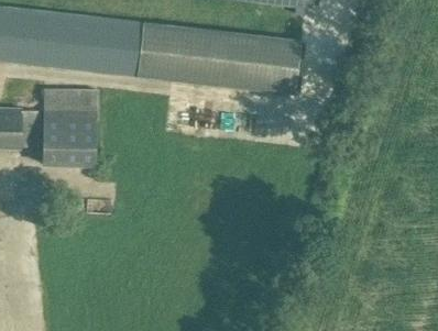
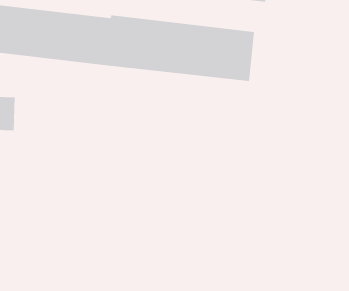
building: [41,88,95,166] -> none

